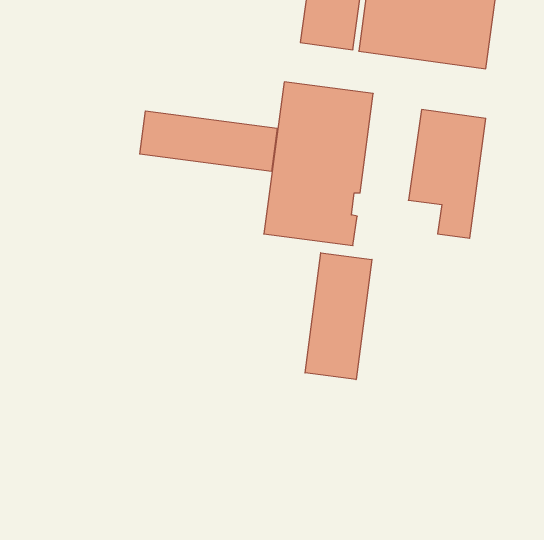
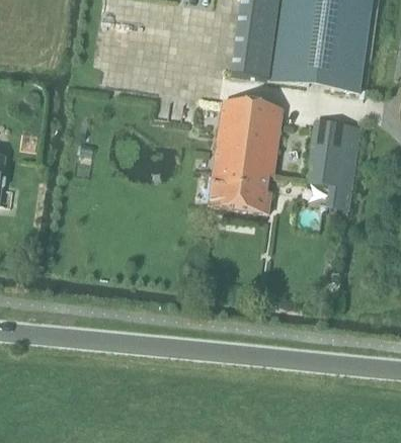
building: [140,111,277,171] -> none
building: [305,253,372,380] -> none

